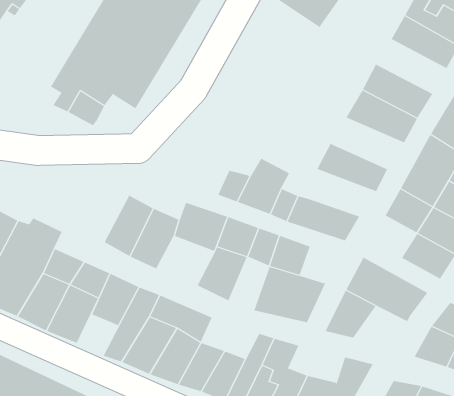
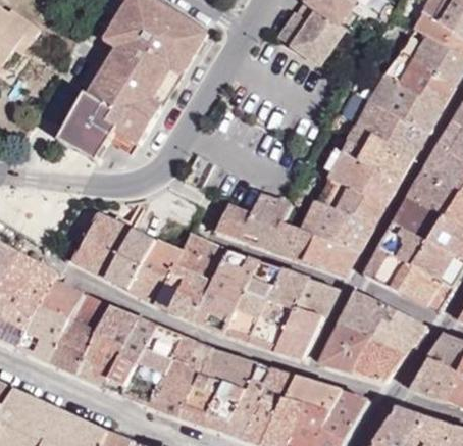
building: none -> [361,67,446,129]
building: none -> [330,152,404,203]
building: none -> [310,205,376,250]
building: none -> [78,213,132,276]
building: none -> [370,249,416,291]
building: none -> [159,269,216,318]
building: none -> [301,280,342,316]
building: none -> [230,290,270,343]
building: none -> [354,339,407,381]
building: none -> [81,347,121,388]
building: none -> [203,350,260,391]
building: none -> [290,378,345,414]

